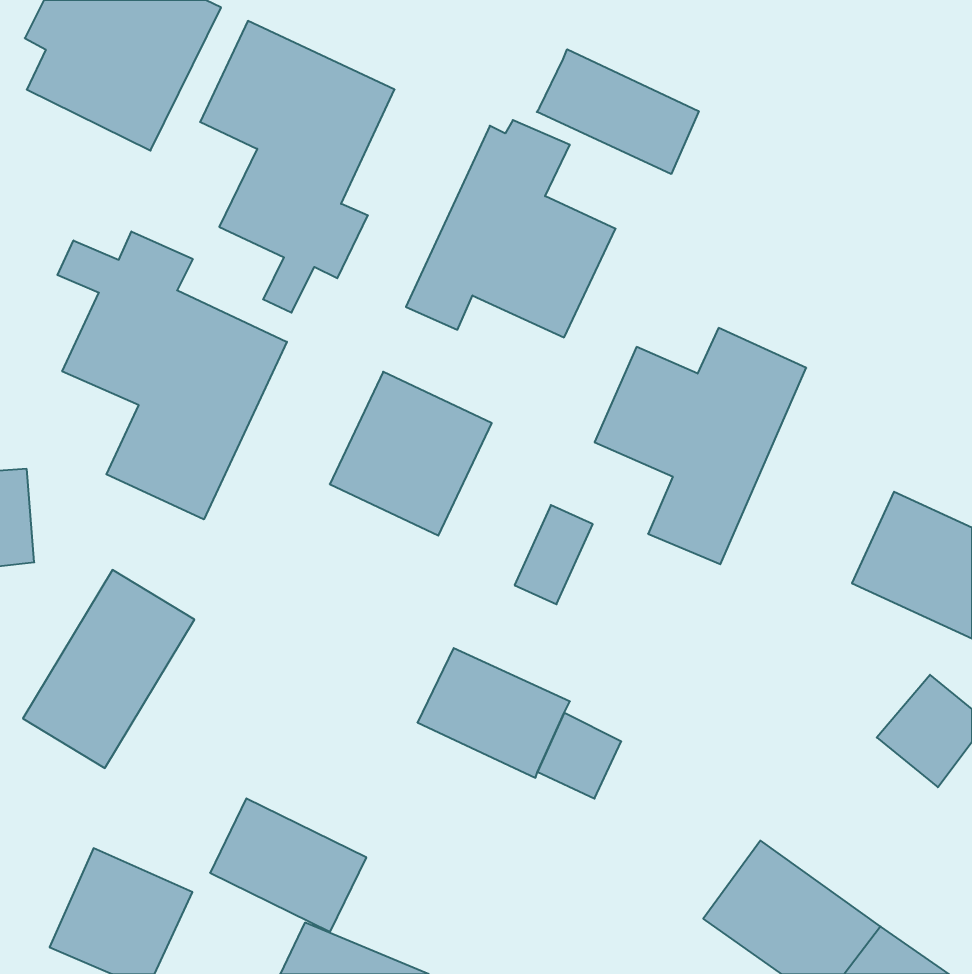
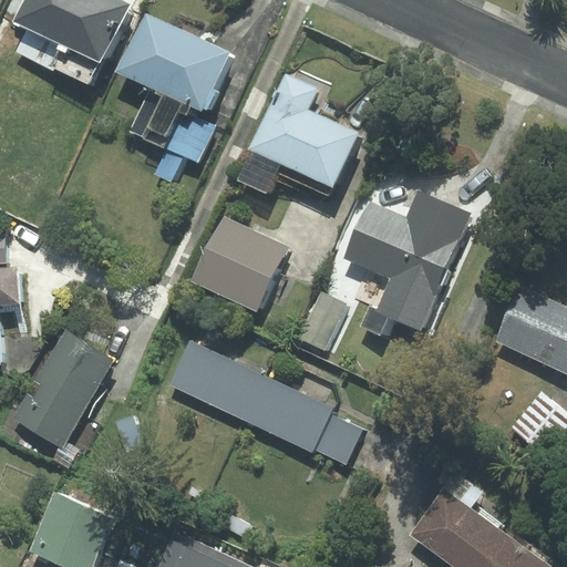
building: [537,49,699,174] -> none
building: [57,231,287,519] -> none
building: [210,798,366,932] -> [173,342,264,420]

